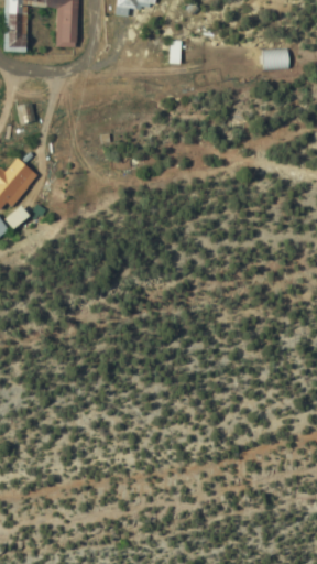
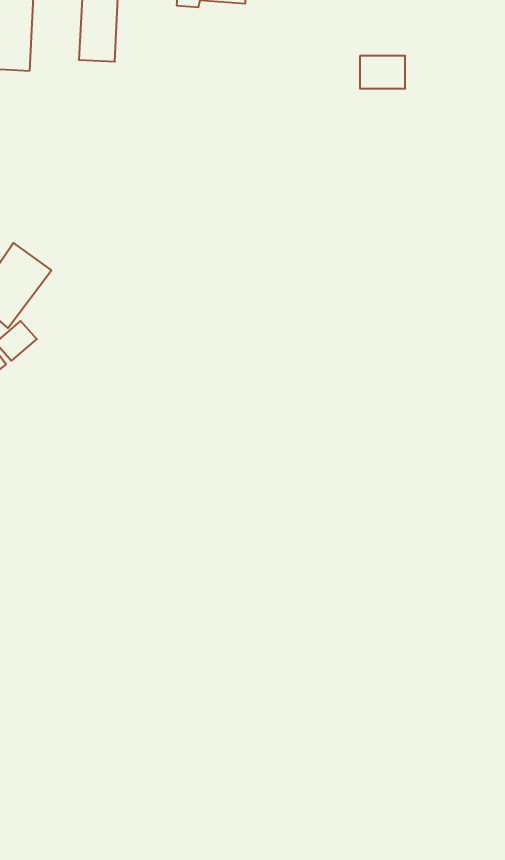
building: [263,47,291,67] -> [360,56,405,89]

